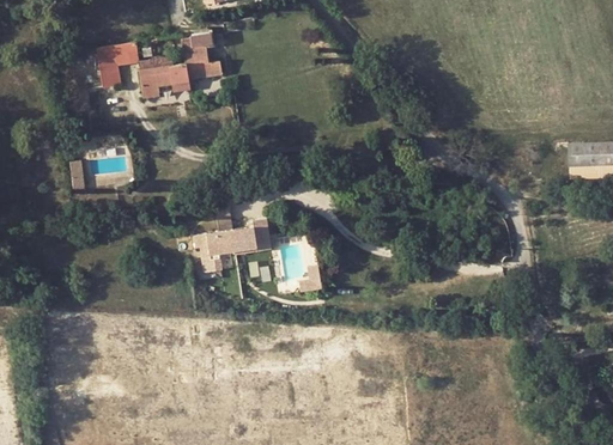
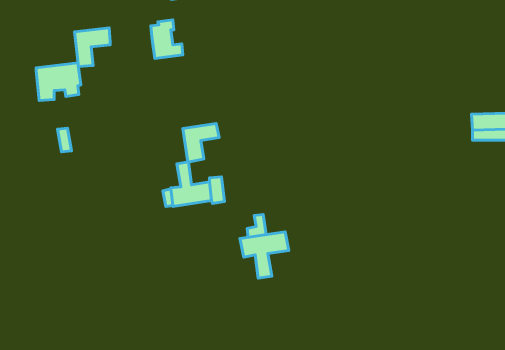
building: [134,53,188,98] -> [36,63,81,101]
building: none -> [183,123,219,162]
building: none -> [240,232,289,278]

